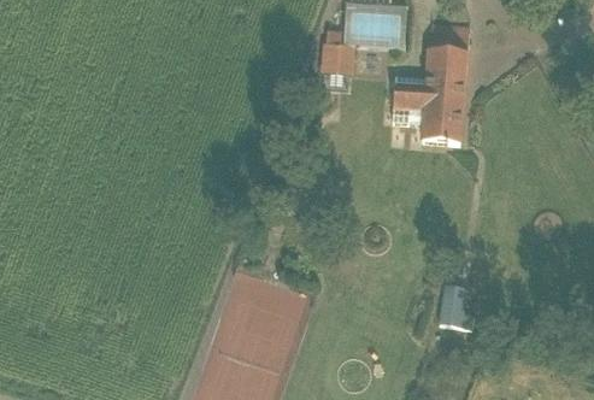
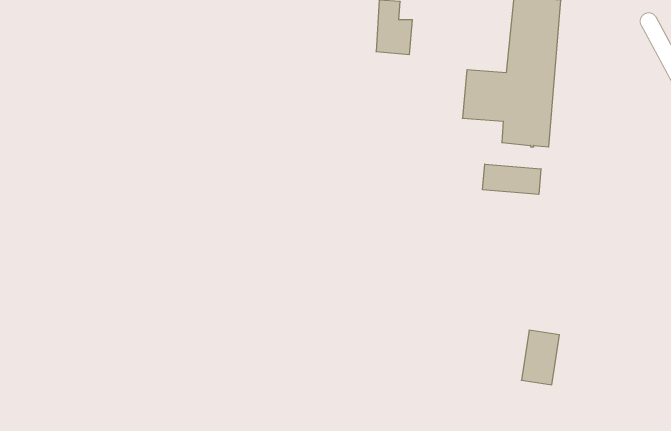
building: none -> [483,164,541,194]

